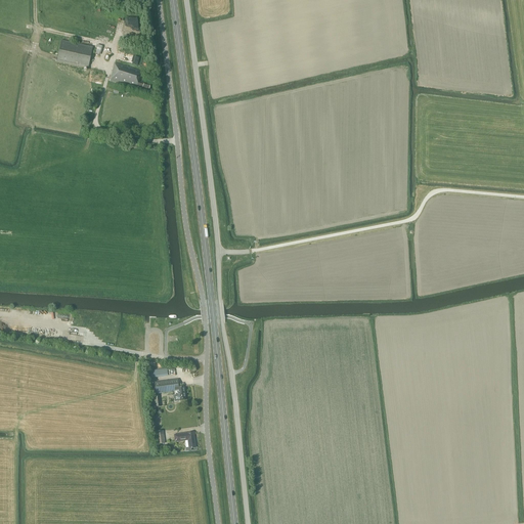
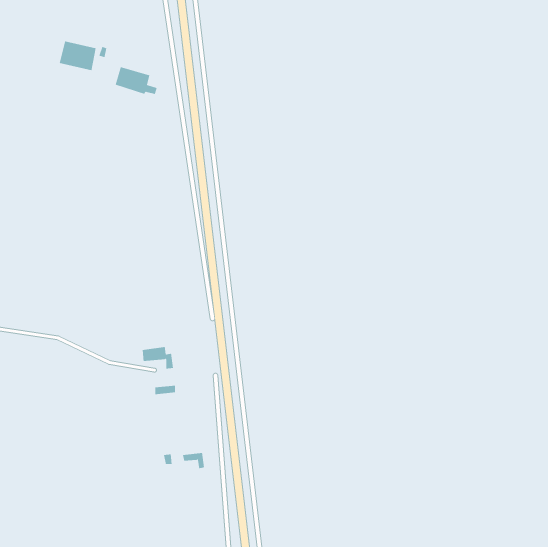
building: [155,379,185,400] -> [142,347,174,369]

